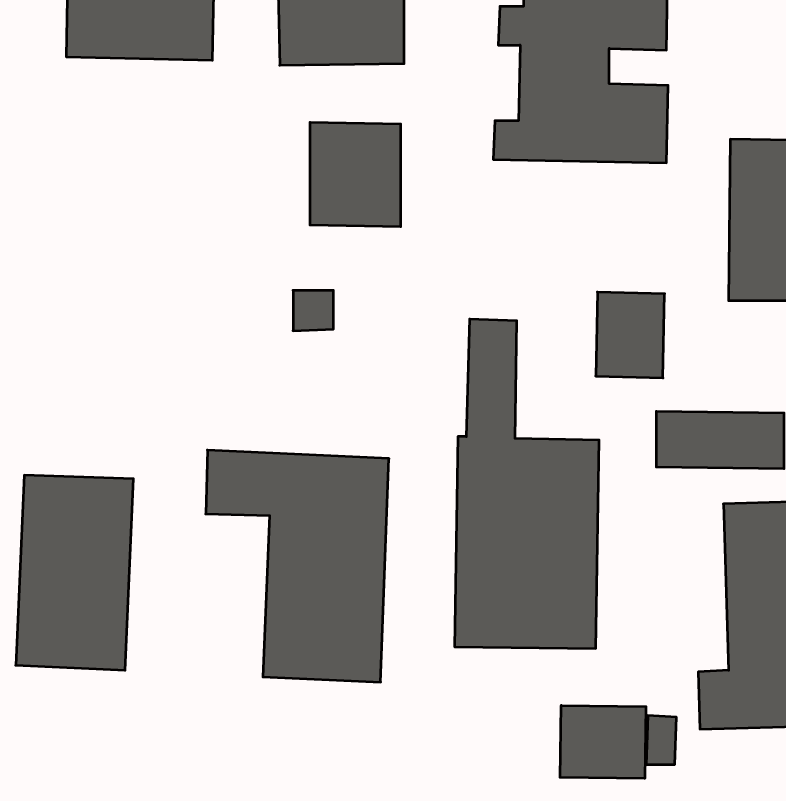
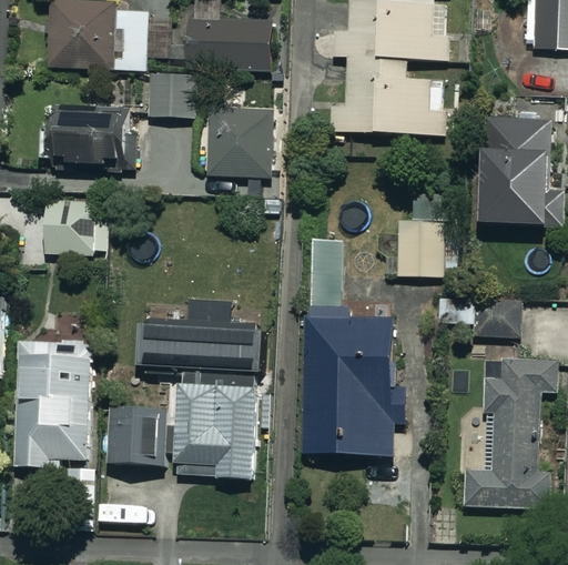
building: none -> [149,74,192,117]
building: none -> [40,107,132,165]
building: none -> [45,199,108,255]
building: none -> [109,410,163,465]
building: [560,705,646,778] -> none

